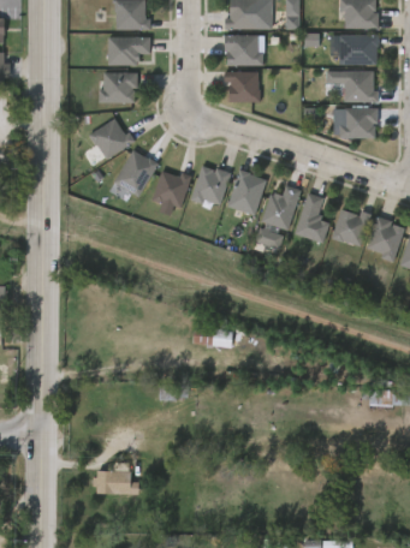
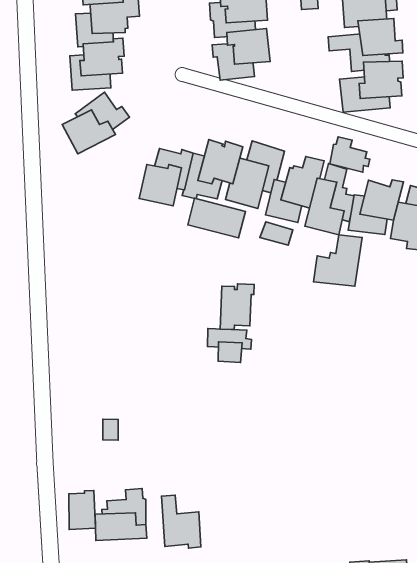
building: [114,147,160,195] -> none
building: none -> [330,137,370,172]
building: none -> [188,198,245,238]
building: none -> [314,235,362,286]
building: none -> [220,284,254,330]
building: none -> [69,490,96,529]
building: none -> [162,495,201,548]

